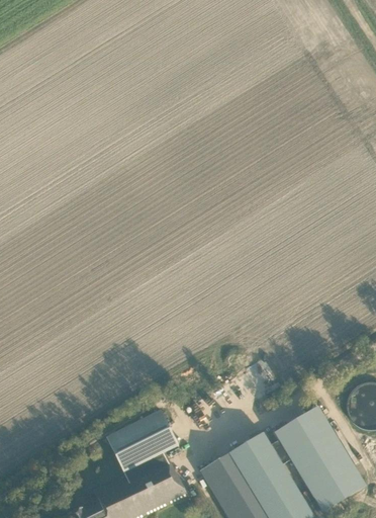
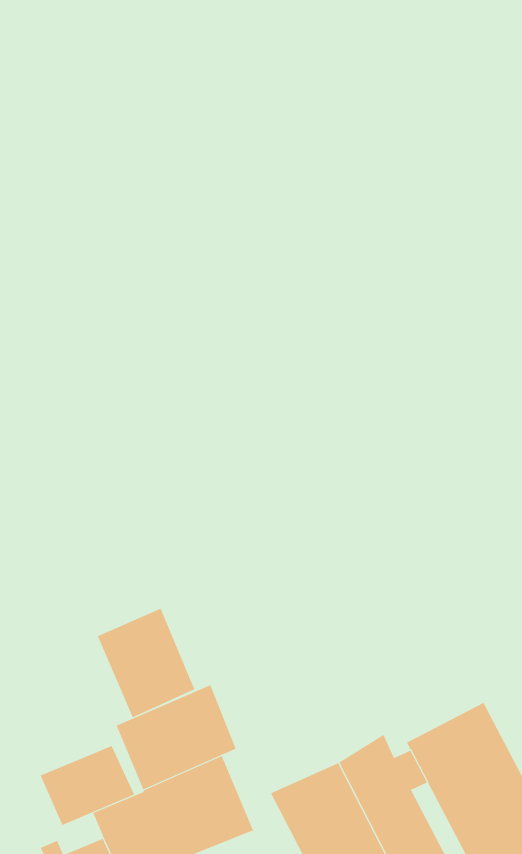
building: none -> [97,608,195,718]
building: none -> [40,745,135,826]

